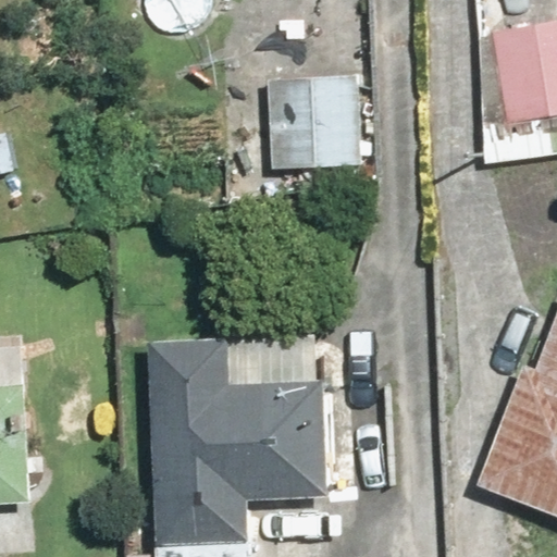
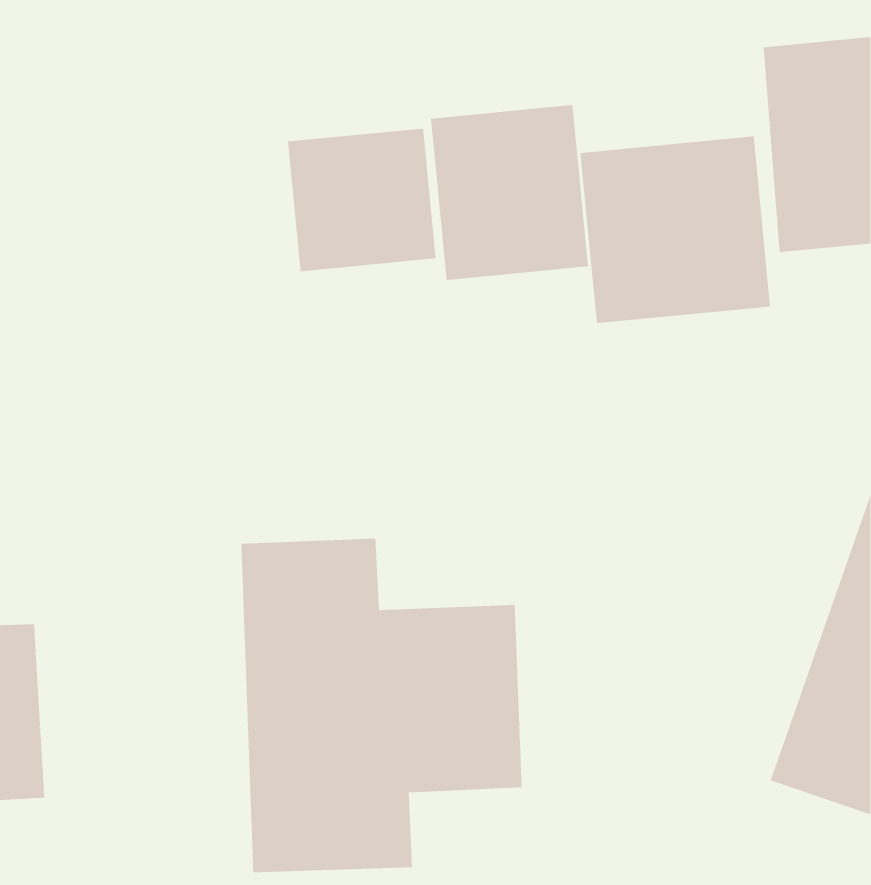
building: none -> [287,128,436,272]
building: none -> [580,136,771,324]

